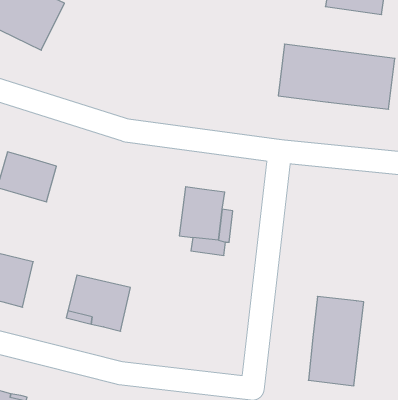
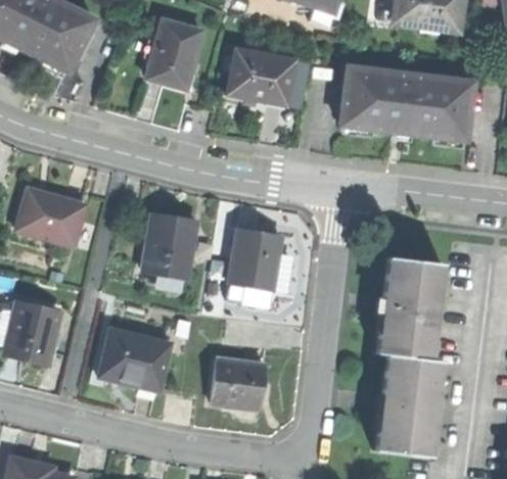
building: none -> [148,19,203,88]
building: none -> [226,47,297,105]
building: none -> [142,215,195,280]
building: none -> [375,257,441,358]
building: none -> [210,360,265,410]

